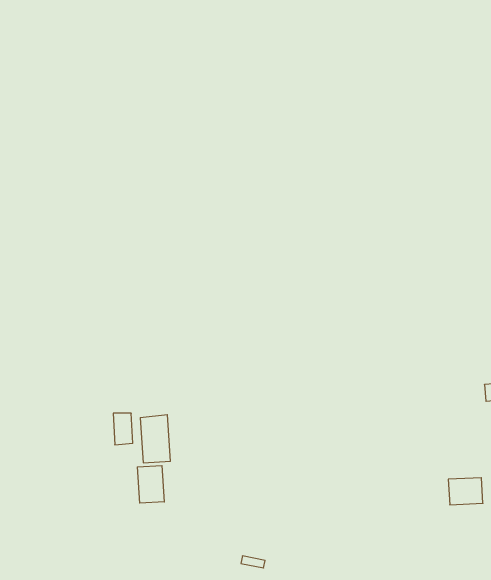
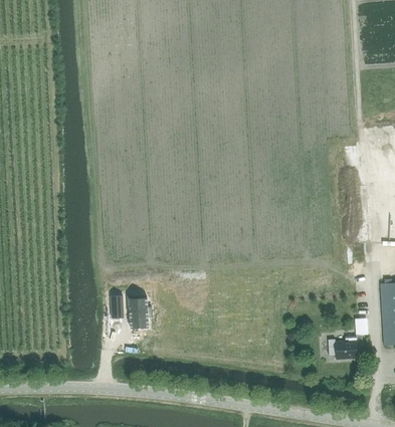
building: [137,466,164,503] -> none

